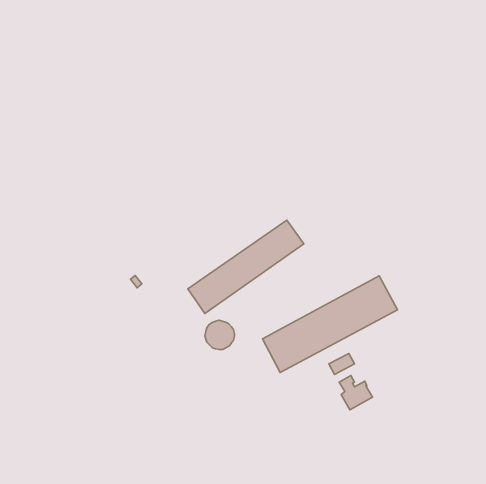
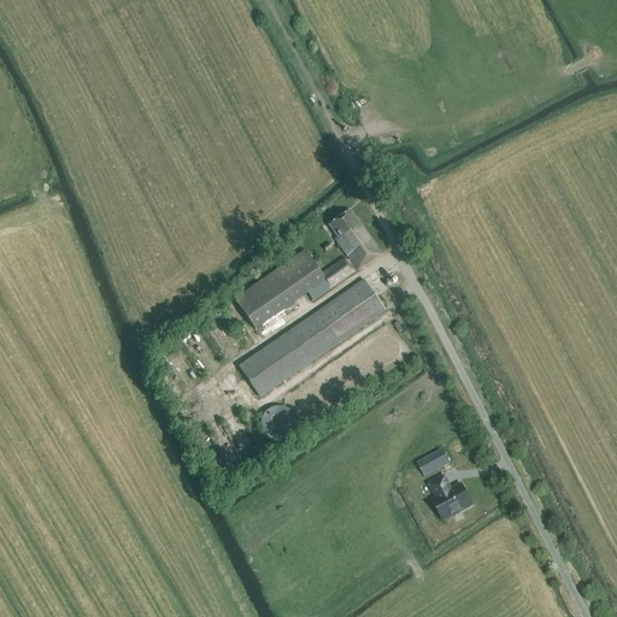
building: none -> [235,210,381,328]
building: [263,276,398,372] -> none

